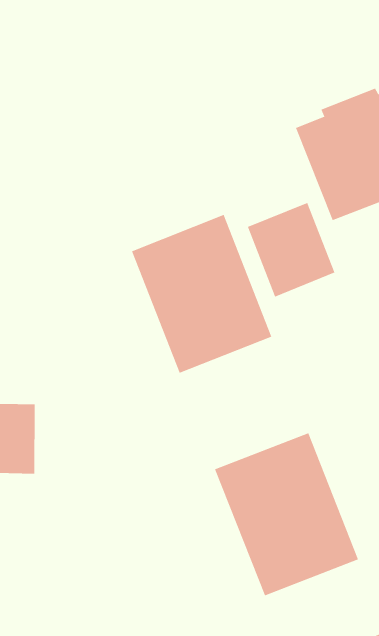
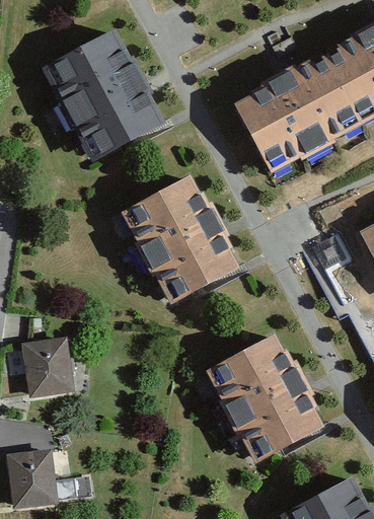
building: none -> [43,30,164,160]
building: [247,202,335,297] -> none

